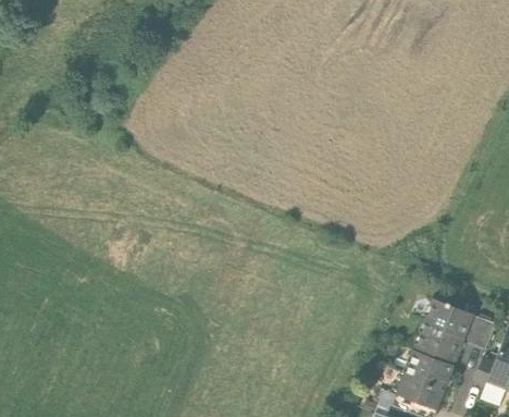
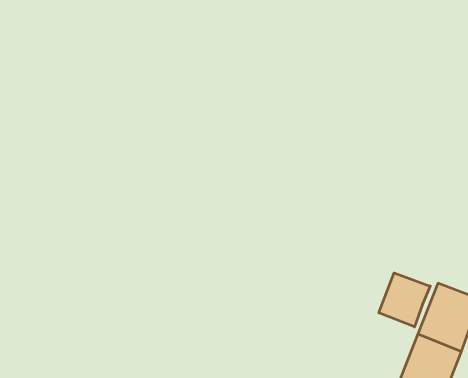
building: none -> [379,273,430,327]

